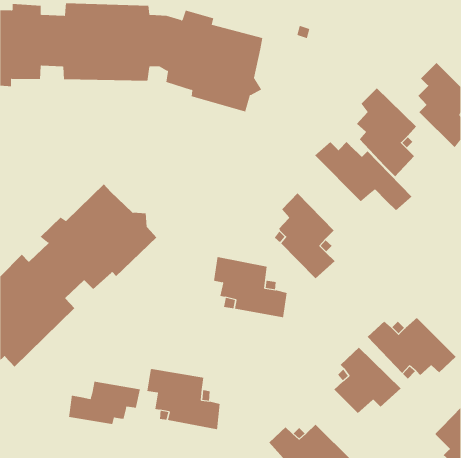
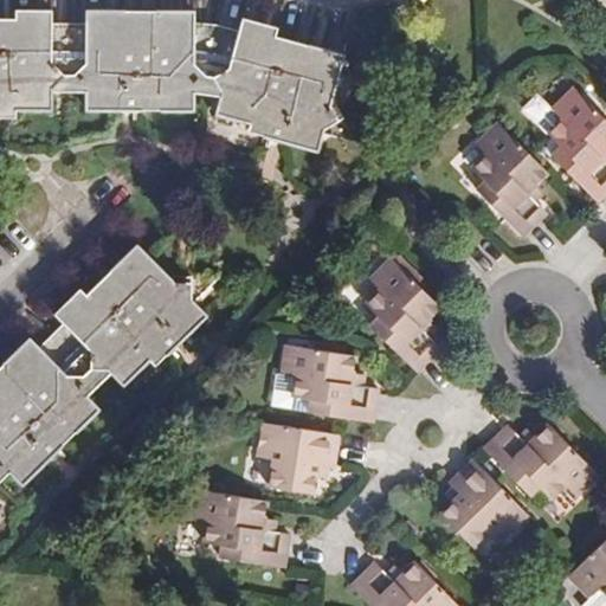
building: [314,141,413,211] -> none
building: none -> [259,420,341,491]
building: [68,381,140,425] -> none

